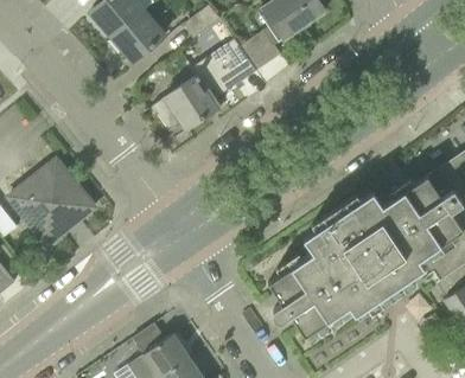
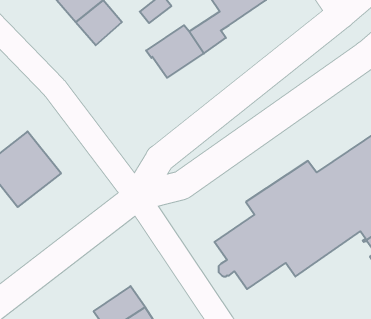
building: [153,75,219,130] -> none

